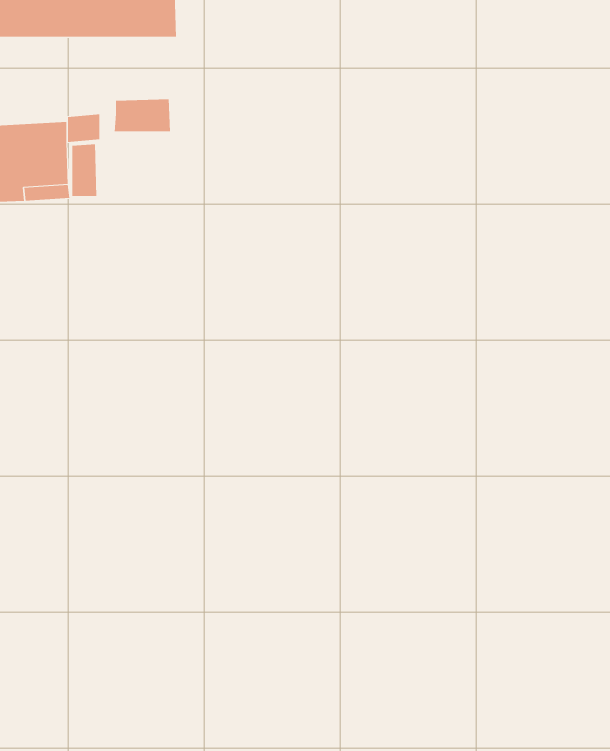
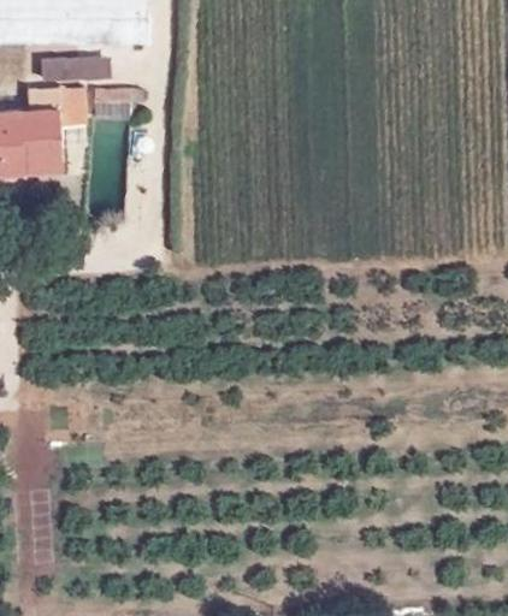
building: none -> [41,54,111,84]

